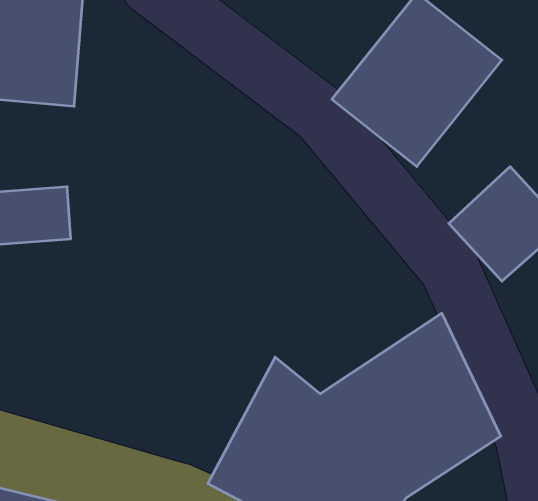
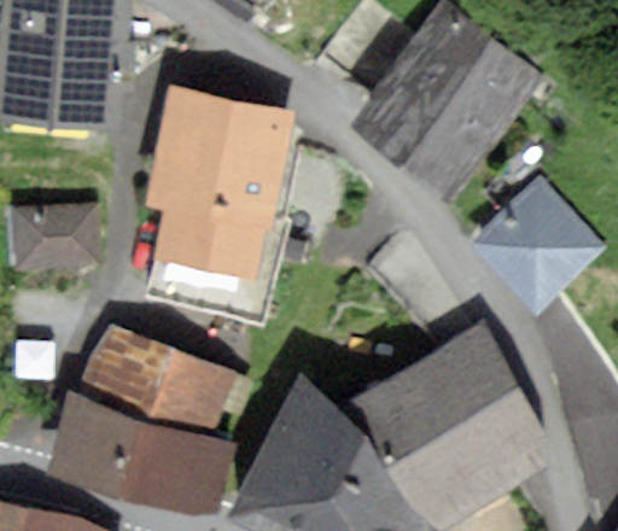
building: none -> [148,89,285,276]
building: none -> [52,331,241,506]

